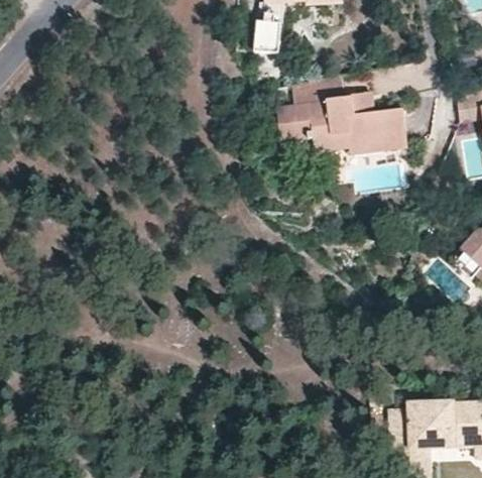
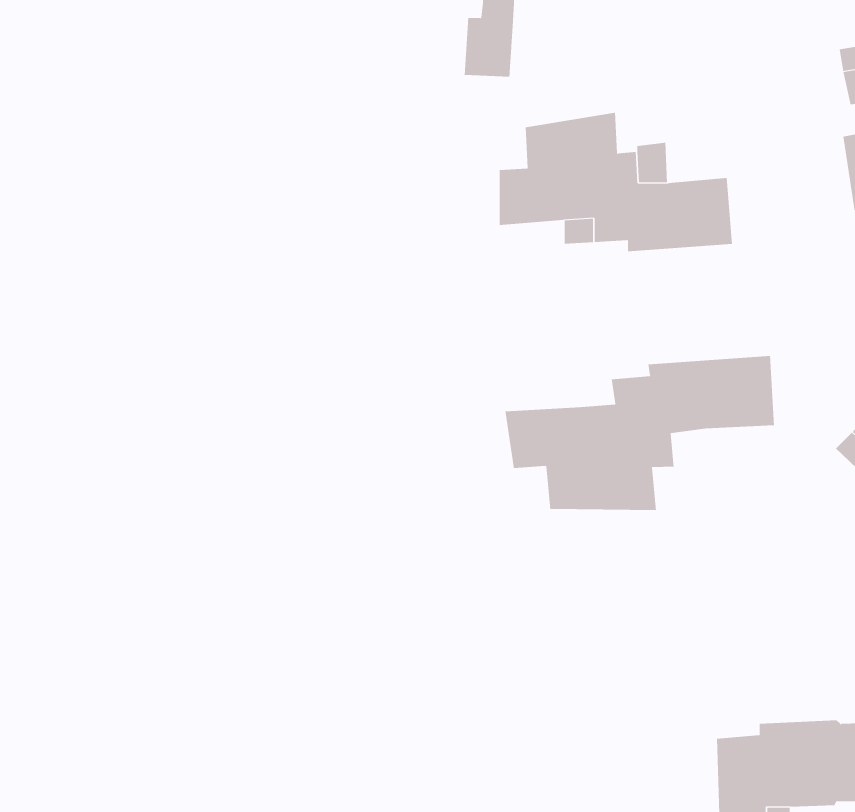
building: none -> [505,355,774,511]

